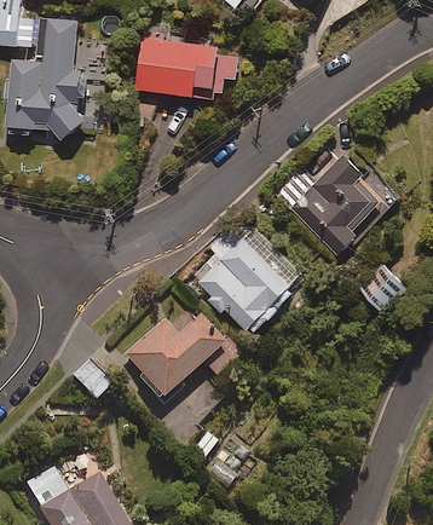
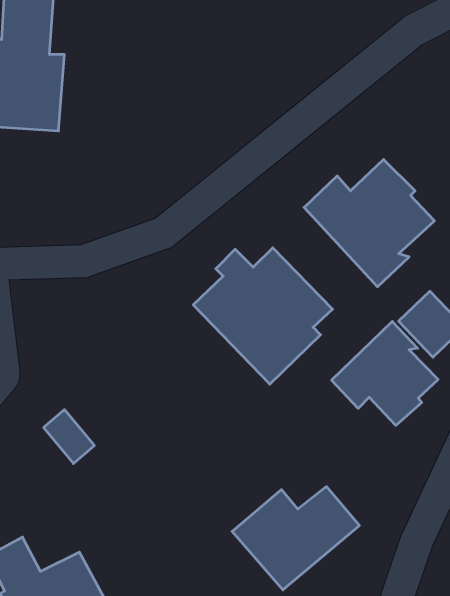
building: [134,34,242,99] -> none
building: none -> [332,321,438,425]
building: [122,316,225,399] -> [232,487,359,590]

